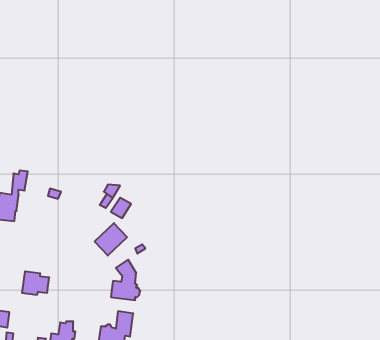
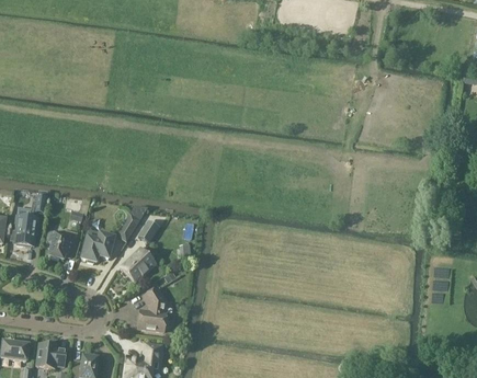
building: none -> [47,229,78,260]
building: none -> [82,230,115,263]
building: [22,271,49,295] -> [37,343,67,368]

